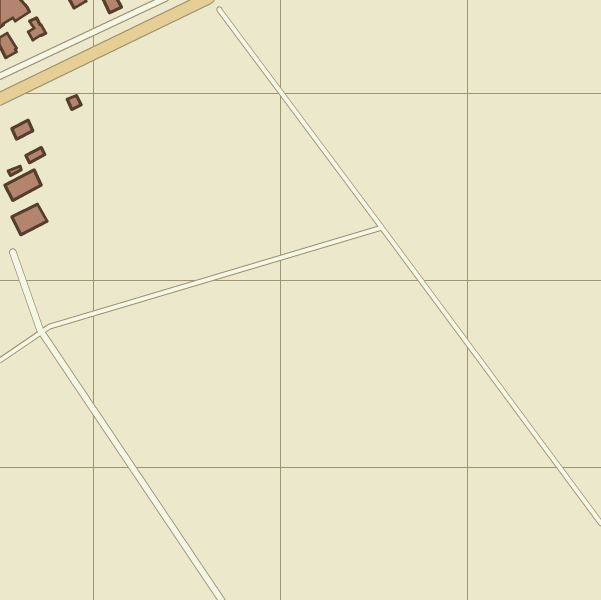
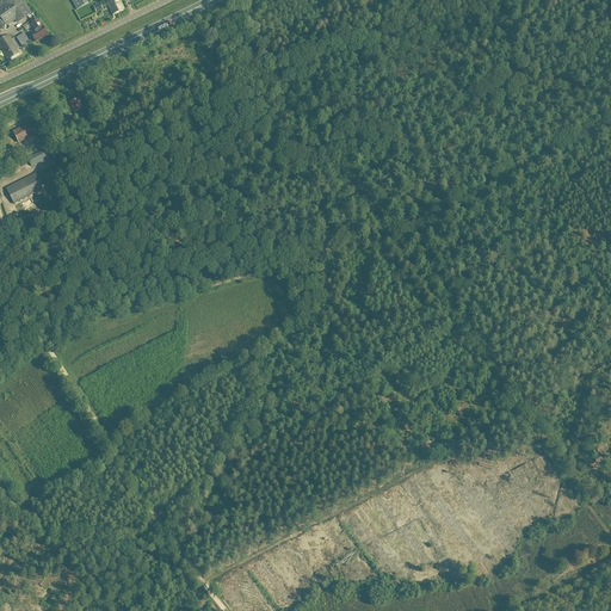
building: [12,204,47,235] -> none

